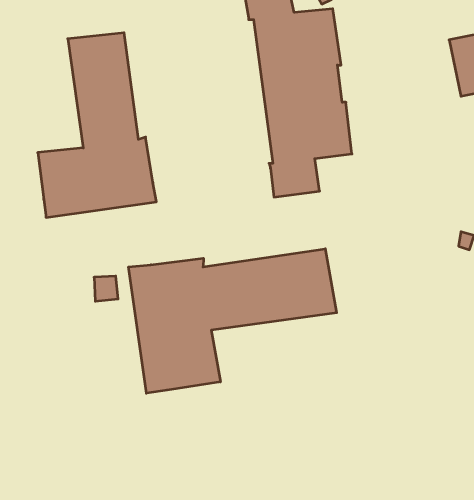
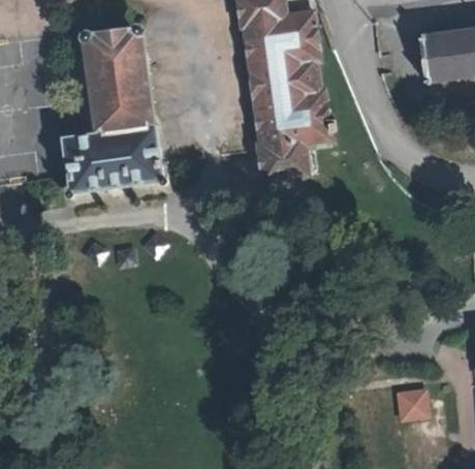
building: [129,249,337,393] -> none
building: none -> [392,384,426,417]

